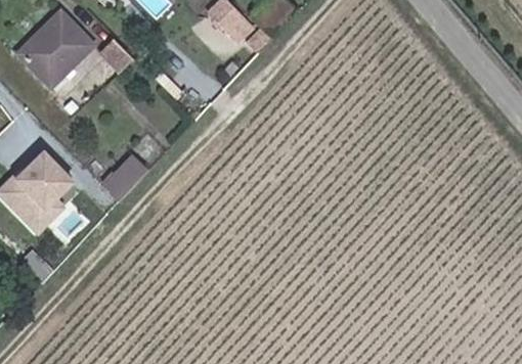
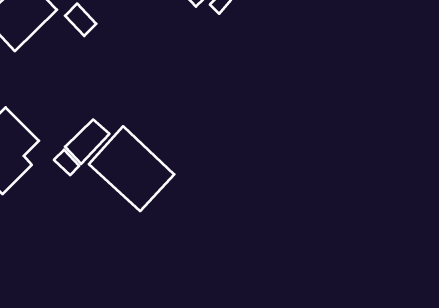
building: none -> [89,126,174,211]

